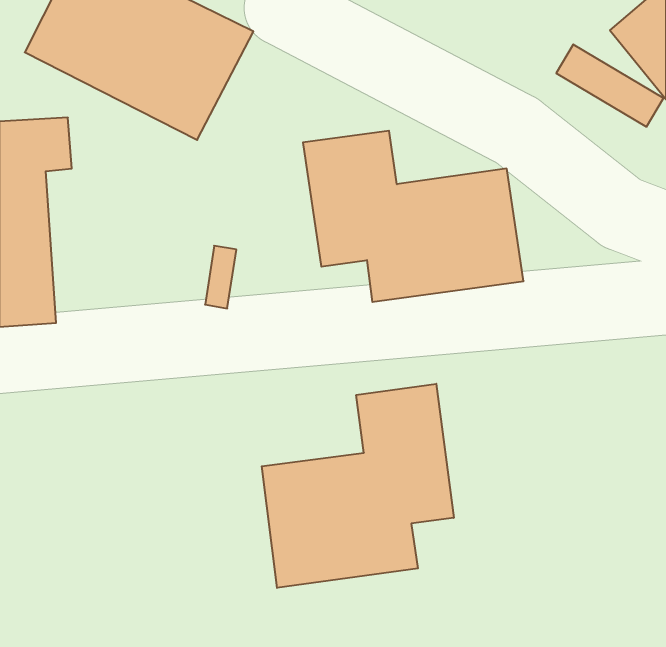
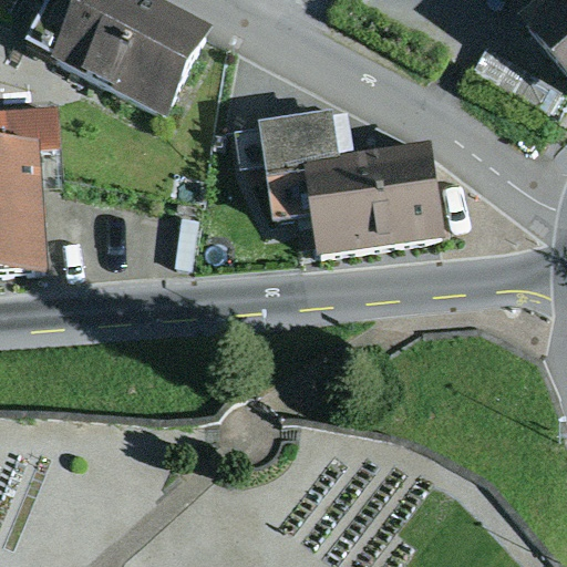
building: [262,384,454,588] -> none

